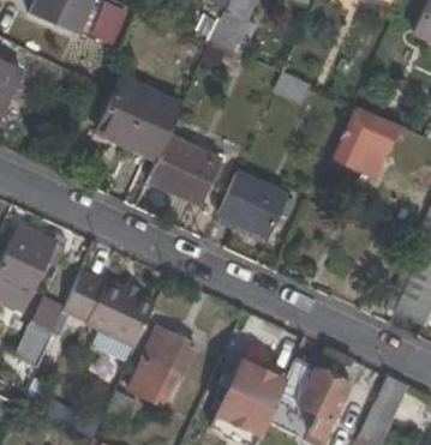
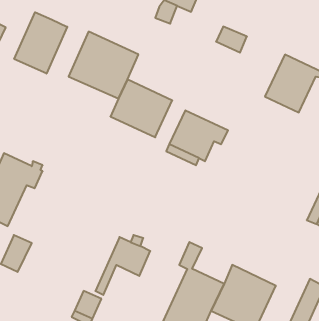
building: none -> [14,12,67,74]
building: [65,270,155,345] -> none
building: [139,359,182,407] -> none

